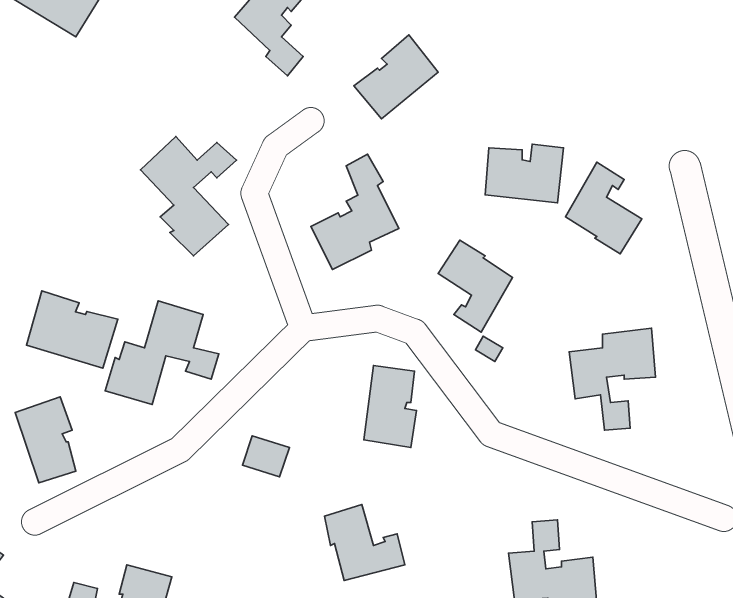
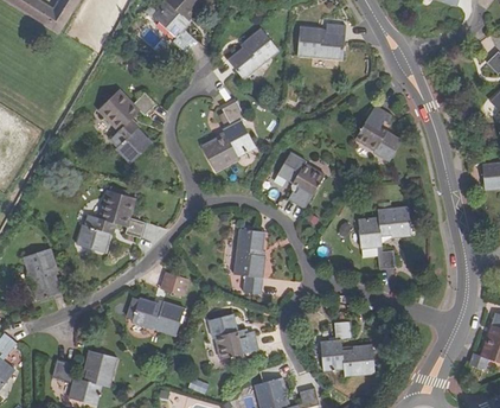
building: [485,144,563,203] -> [297,24,345,59]
building: [27,291,118,368] -> none
building: none -> [132,297,184,336]

